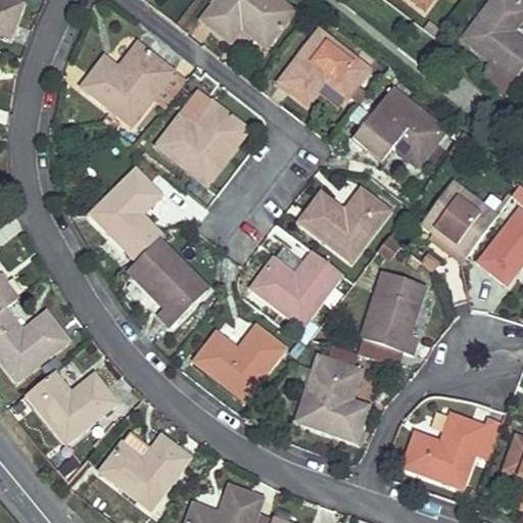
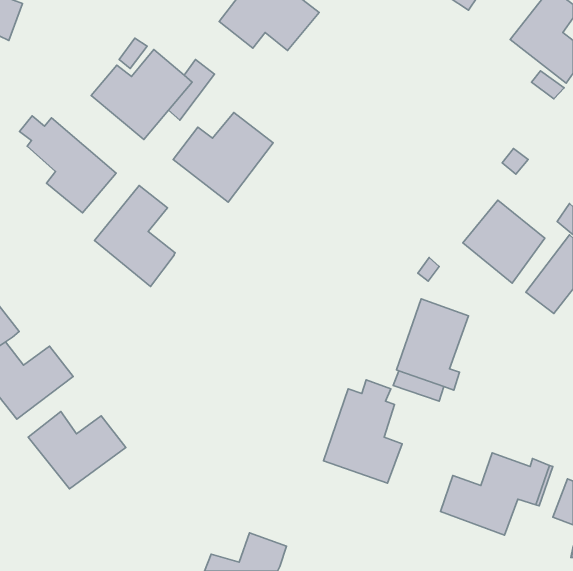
building: [278,32,368,105] -> none
building: [352,88,445,165] -> none
building: none -> [20,116,116,213]
building: [302,186,390,257] -> none
building: [127,232,212,323] -> none
building: [253,249,344,324] -> none
building: [198,322,289,396] -> none
building: [97,435,187,509] -> none

